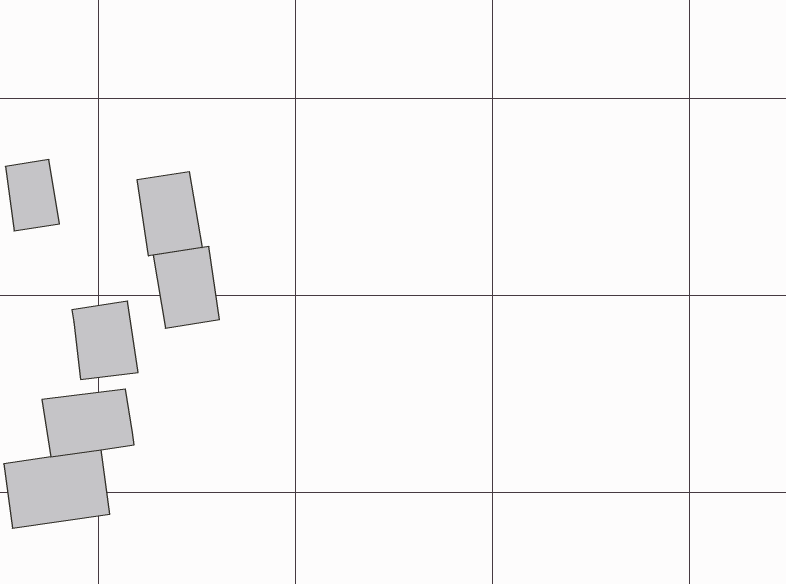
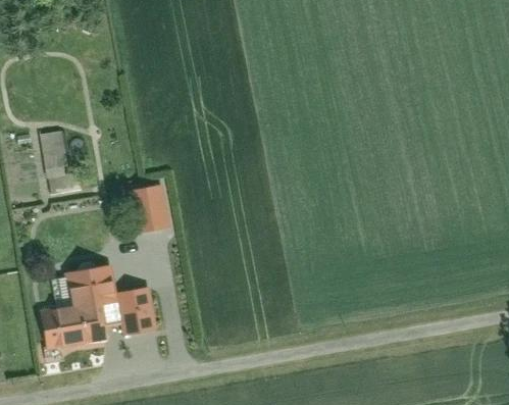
building: [137,172,202,256] -> none
building: [72,301,138,379] -> [116,287,155,333]

